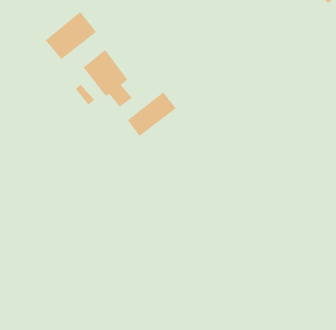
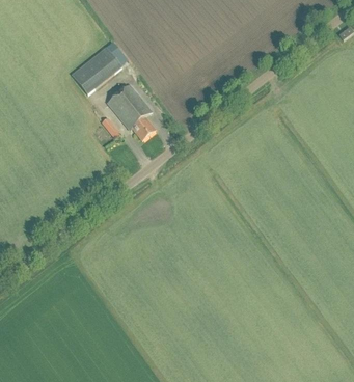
building: [127,91,177,137] -> none

